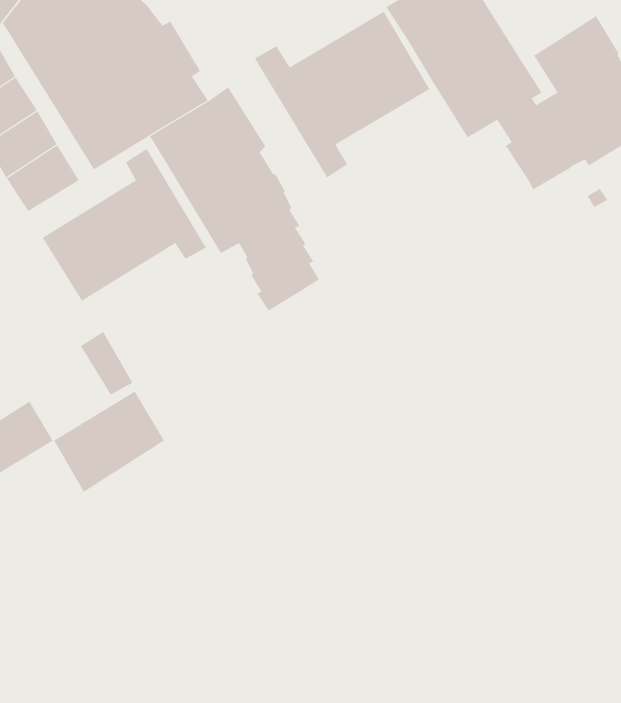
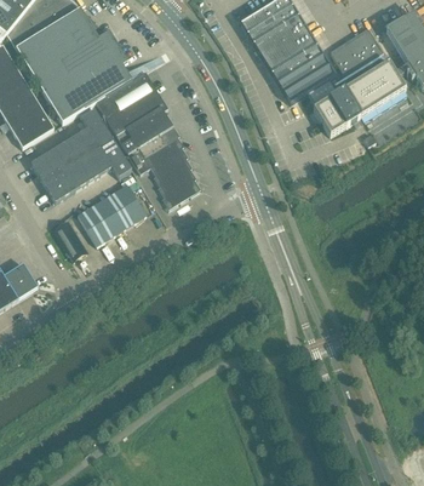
building: [254,11,430,178] -> none
building: [54,391,165,492] -> [78,183,145,245]

